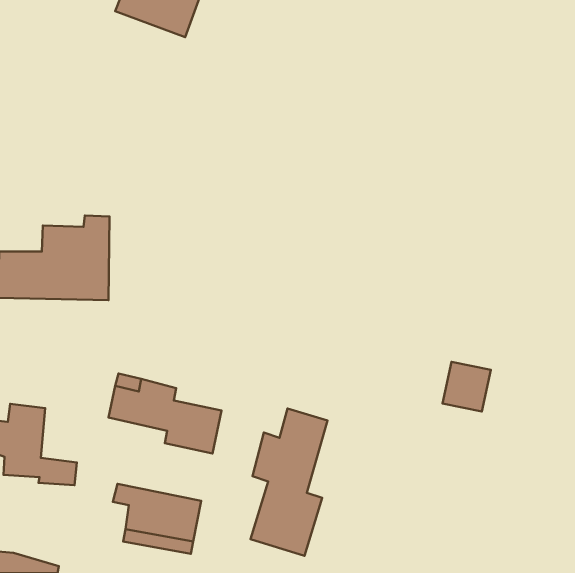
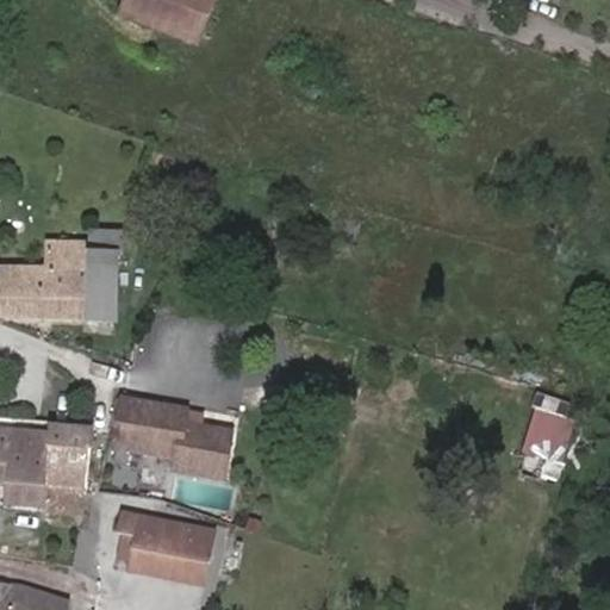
building: [442,362,491,411] -> [523,402,574,454]
building: none -> [43,427,88,488]
building: [250,408,328,556] -> none

